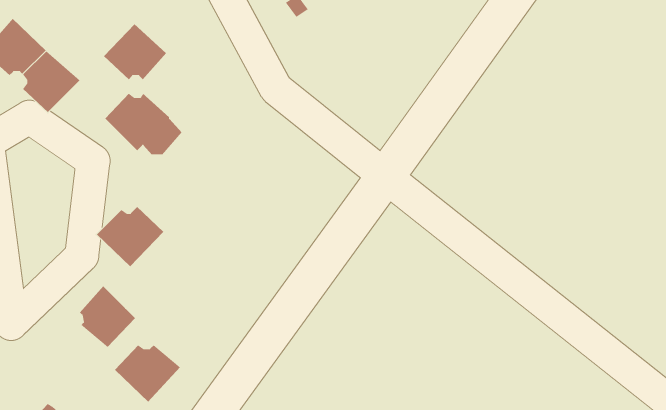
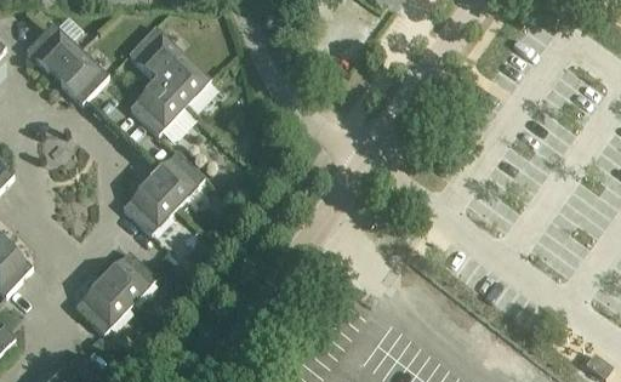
building: none -> [161,52,211,107]
building: none -> [154,152,205,205]
building: [114,344,181,402] -> [74,285,131,335]

